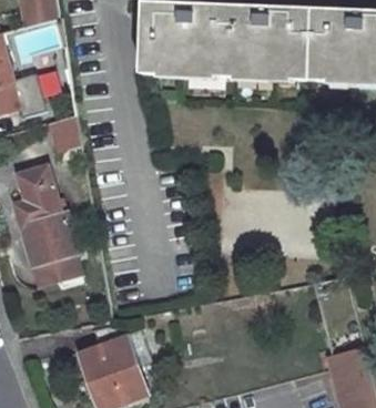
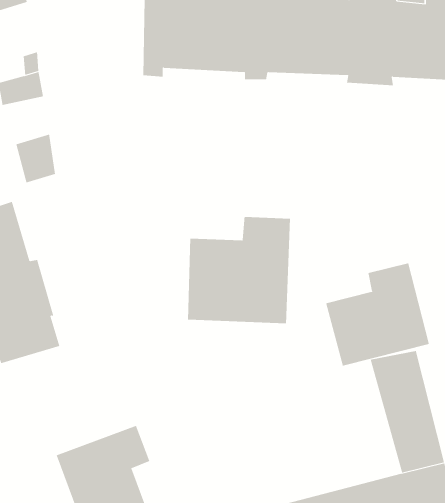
building: none -> [188,216,291,324]
building: none -> [326,262,430,366]

